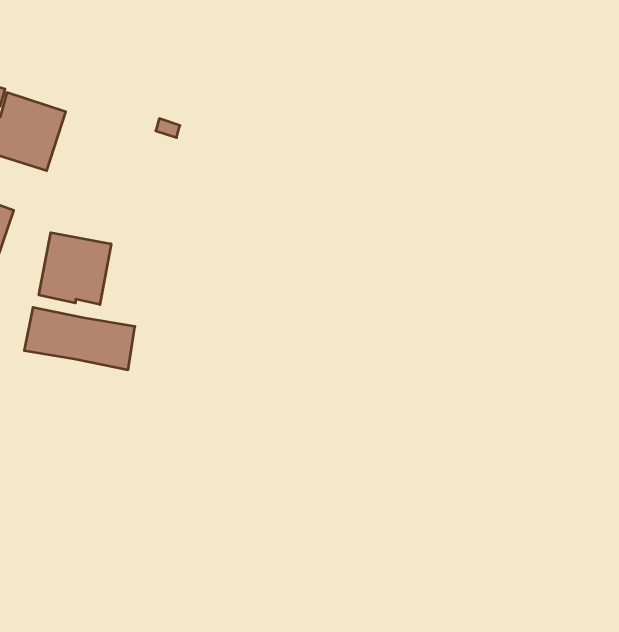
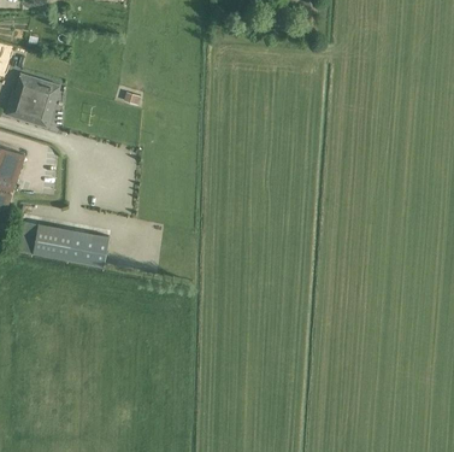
building: [39,233,111,305] -> none

